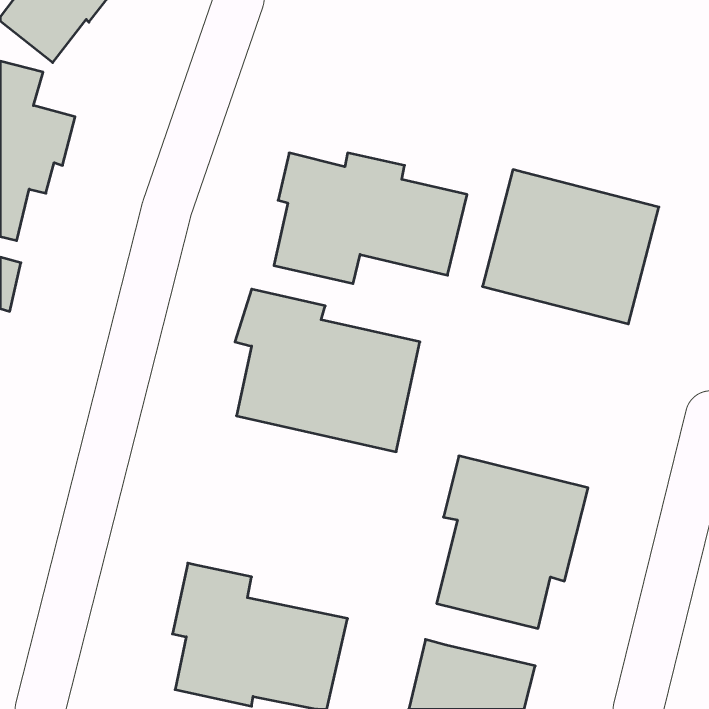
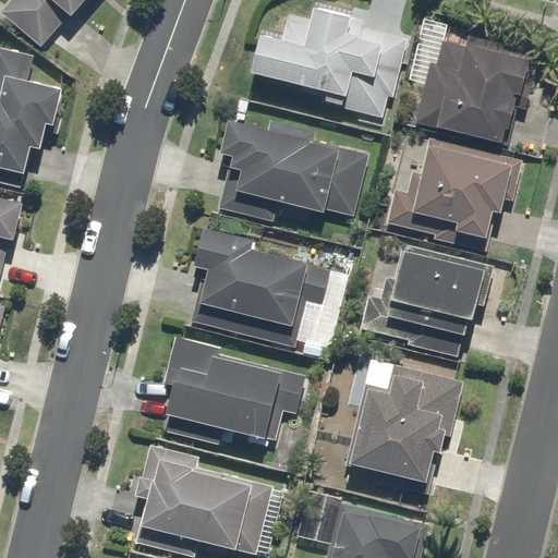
building: none -> [243,8,413,120]
building: none -> [417,36,526,147]
building: none -> [357,245,485,364]
building: none -> [156,333,307,450]

